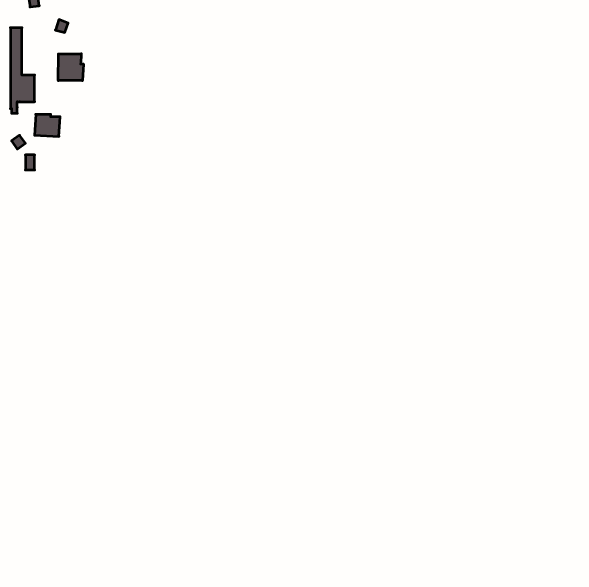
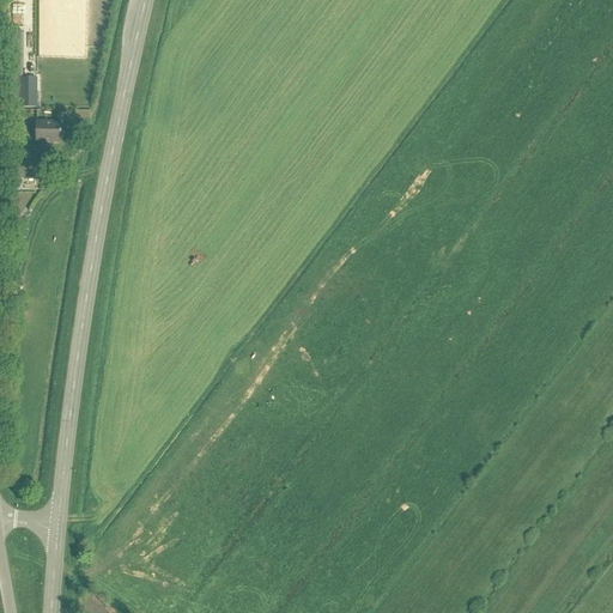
building: [58,54,83,81] -> none

